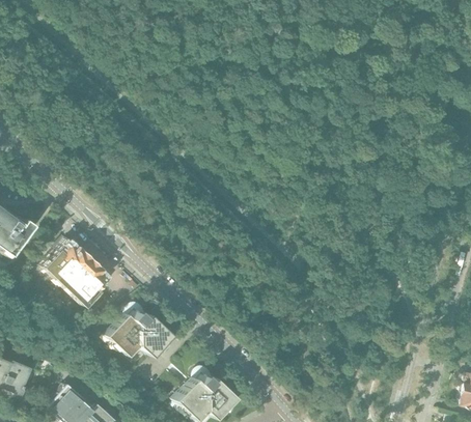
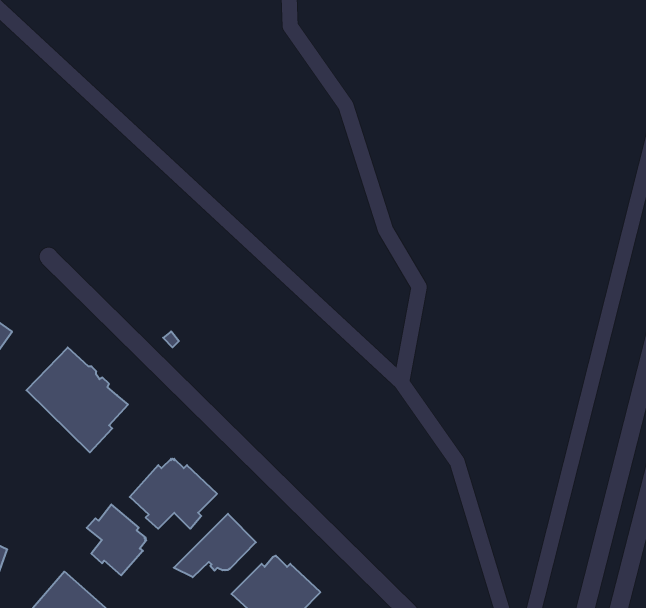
building: none -> [87,504,146,575]
building: none -> [174,514,256,577]

